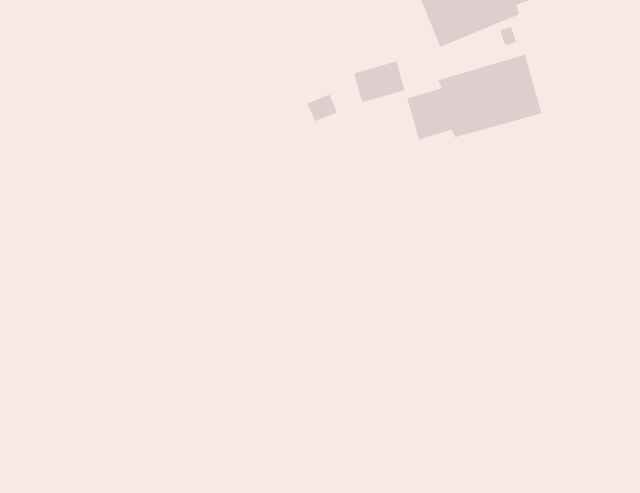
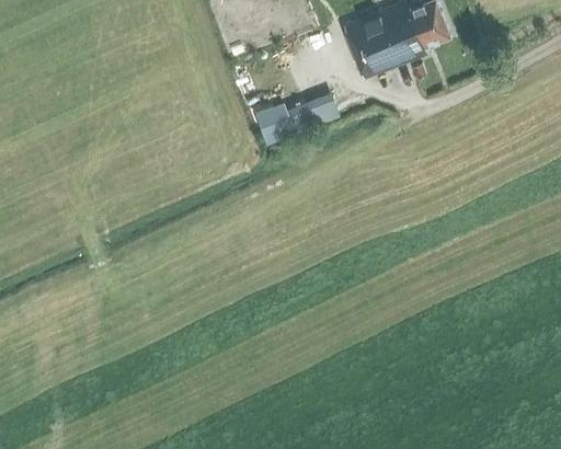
building: [406,54,542,141] -> none

